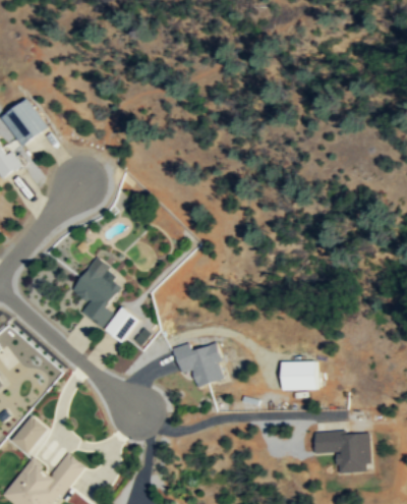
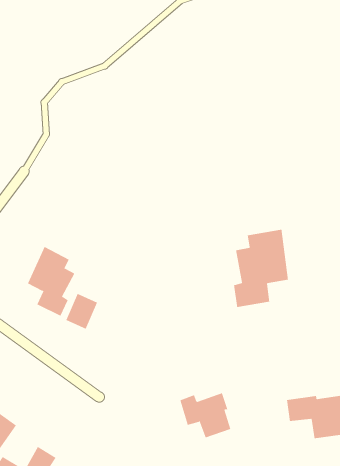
building: none -> [234,229,289,308]
building: [174,343,222,387] -> [179,393,231,438]
building: [279,361,317,390] -> none

